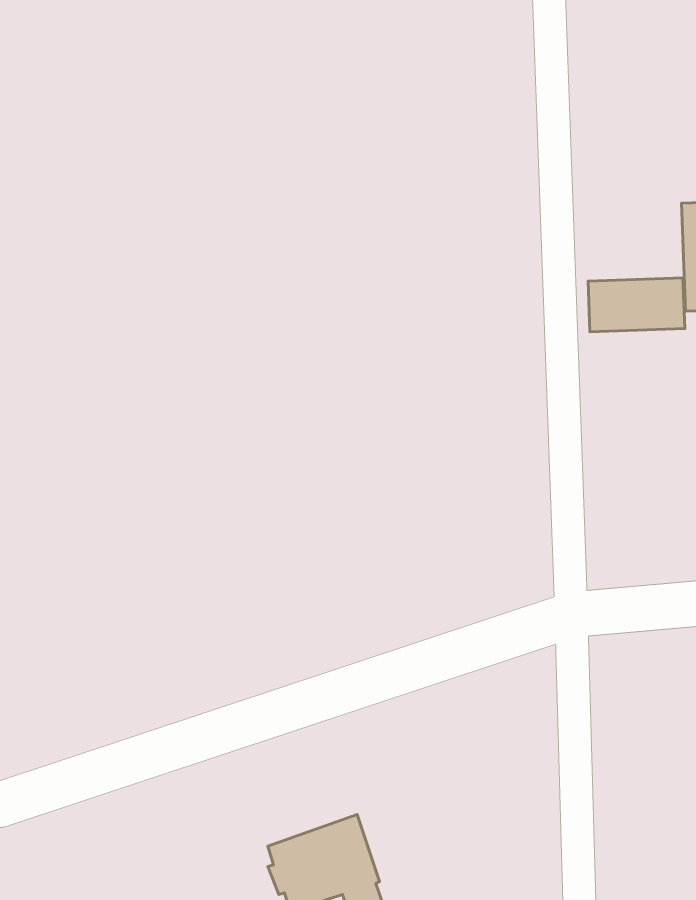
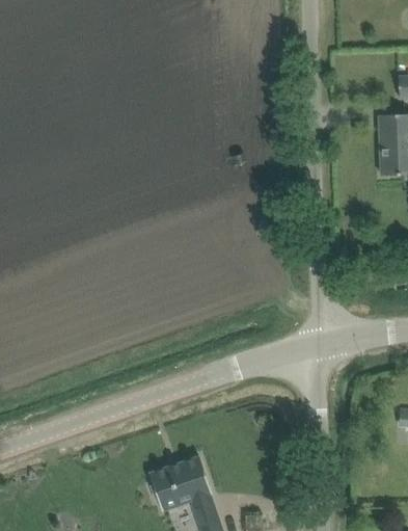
building: [588,278,685,332] -> none

